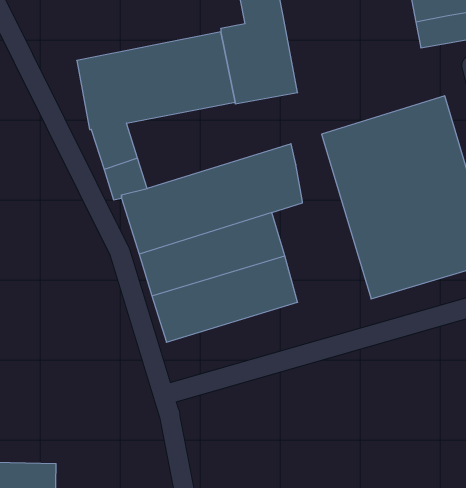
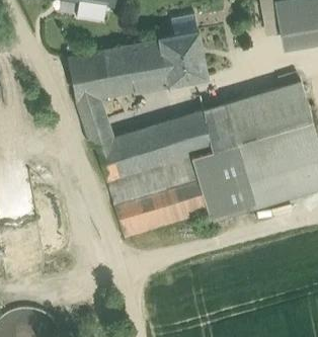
building: none -> [191,104,254,222]

